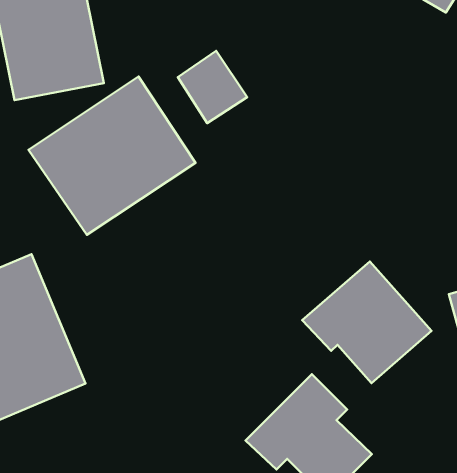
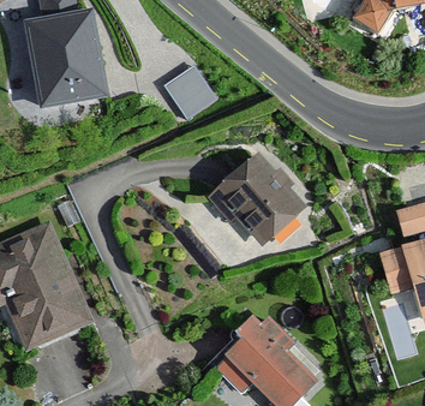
building: [29,76,196,235] -> none
building: [302,262,431,383] -> [206,151,307,246]

